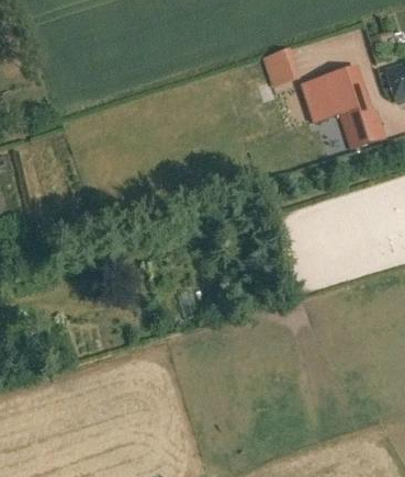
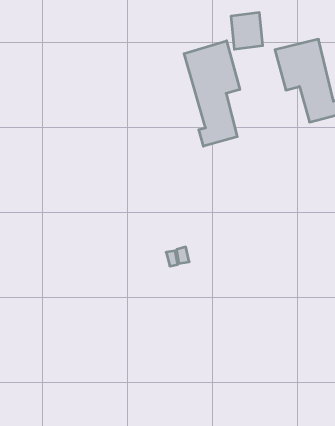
building: none -> [184,41,240,146]

